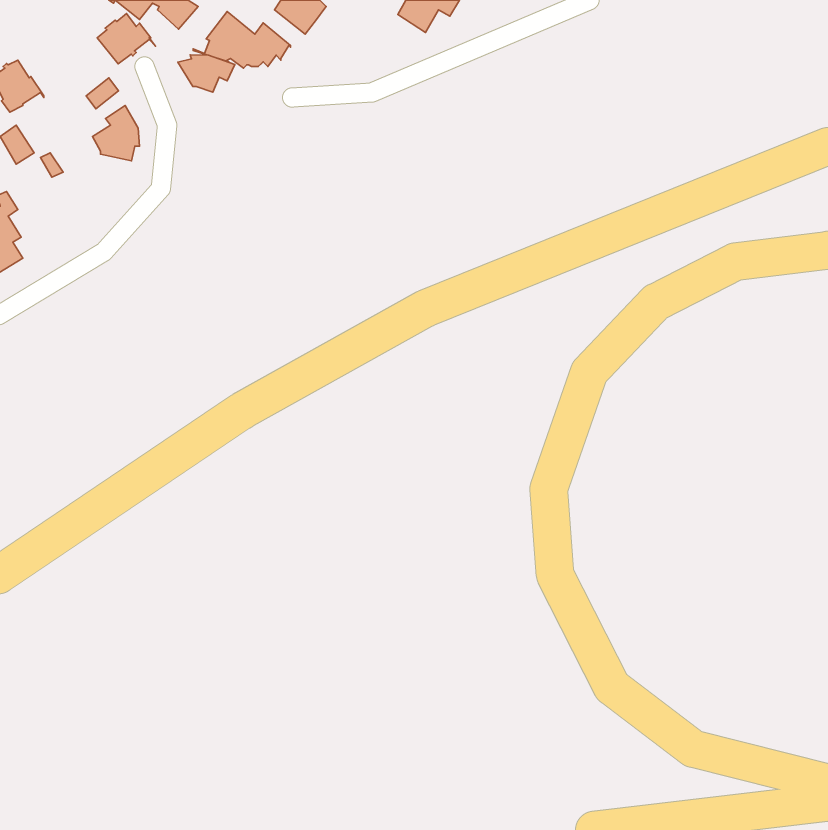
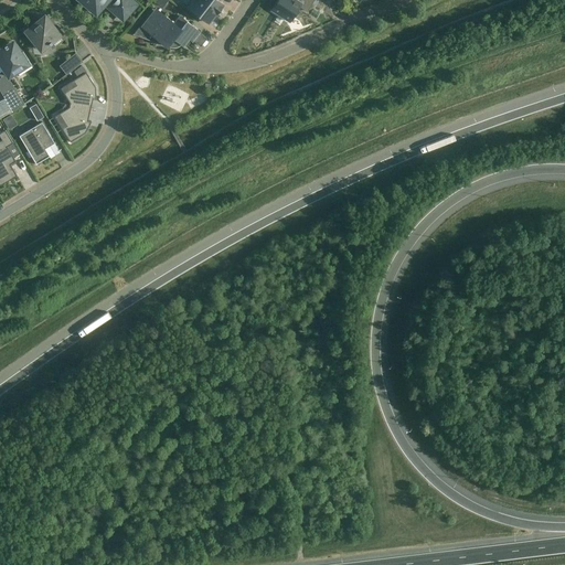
building: [97,14,156,64] -> [24,15,64,50]
building: [178,55,235,92] -> none
building: none -> [57,105,89,141]
building: none -> [18,121,53,163]

